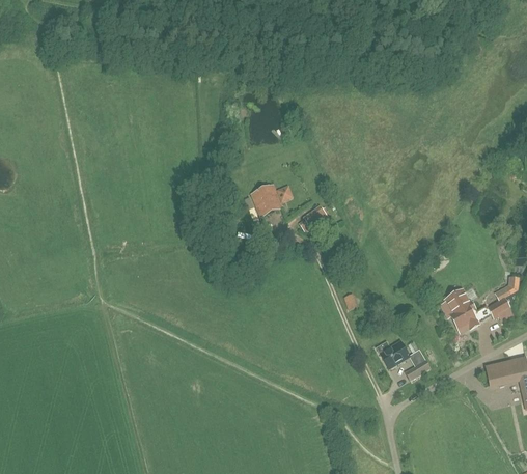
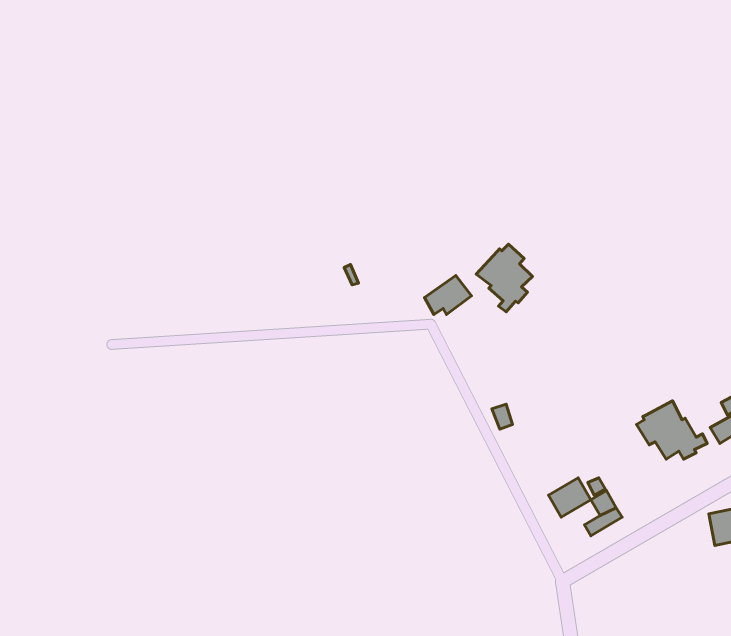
building: [252,185,282,216] -> none
building: none -> [476,244,533,312]

